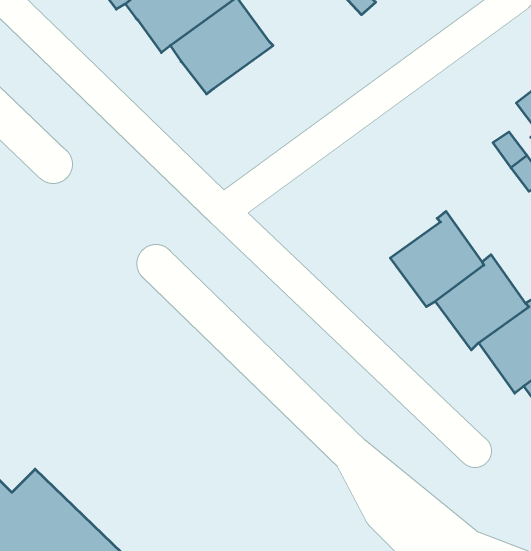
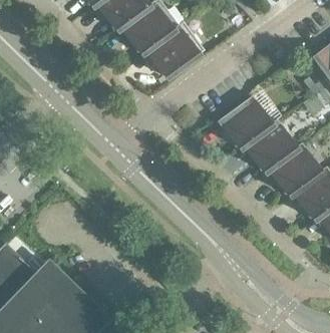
building: none -> [147,23,205,79]
building: none -> [220,97,274,150]

